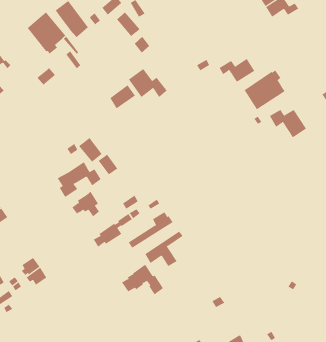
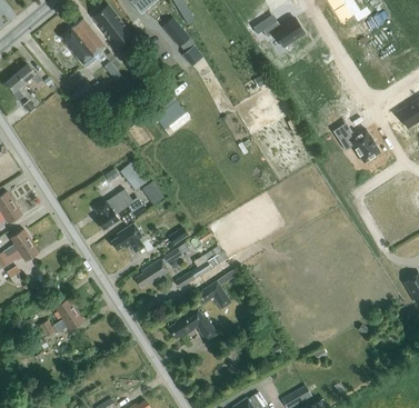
building: [219,58,255,83] -> [263,19,305,47]
building: [128,68,167,98] -> none
building: [244,70,286,110] -> none

